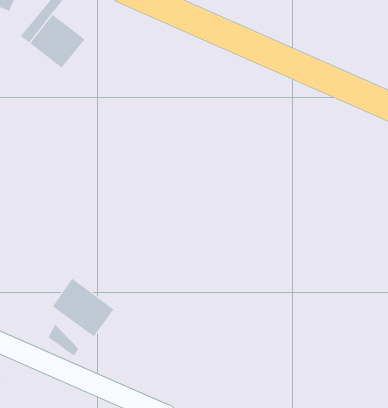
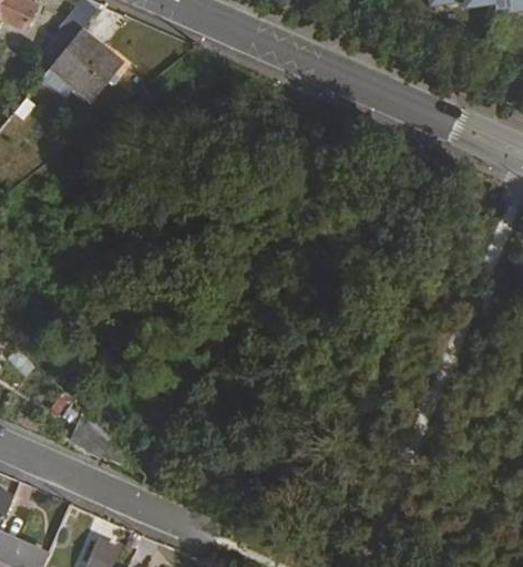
building: [52,278,114,337] -> none

